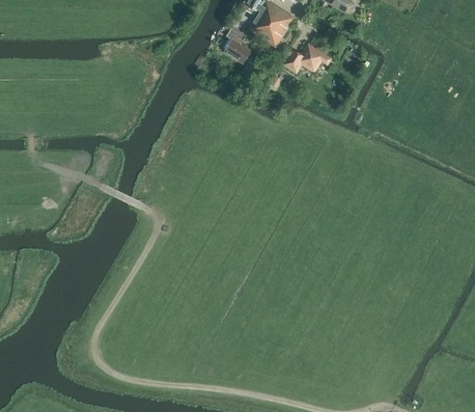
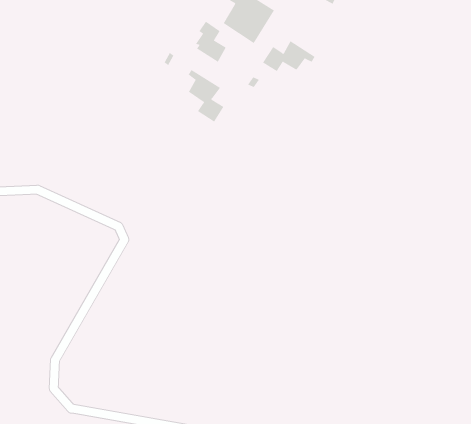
building: none -> [188,69,224,123]

